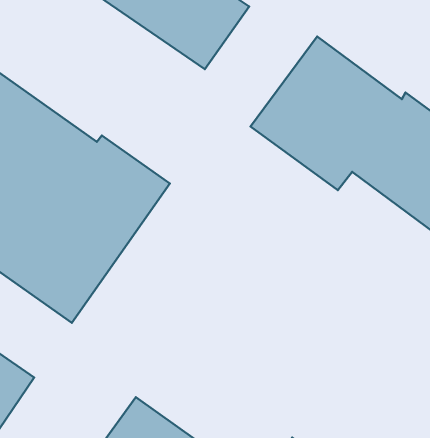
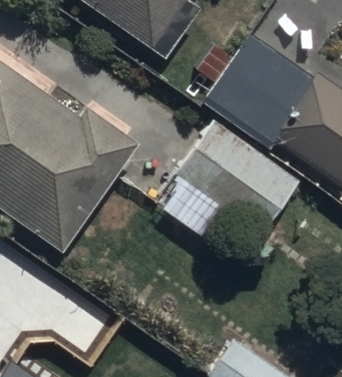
building: none -> [175,119,300,235]

